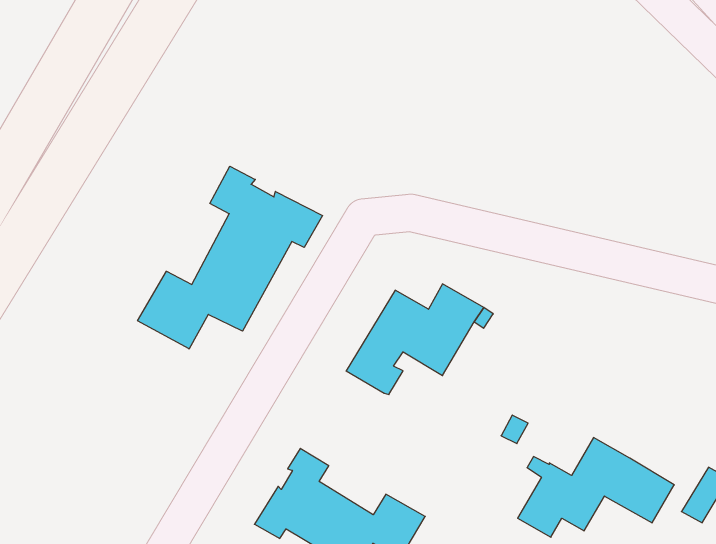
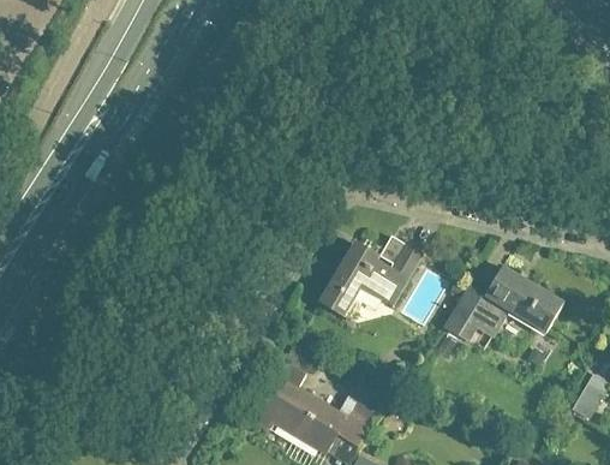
building: [138,166,323,349] -> none
building: [518,438,674,537] -> [443,266,562,341]

